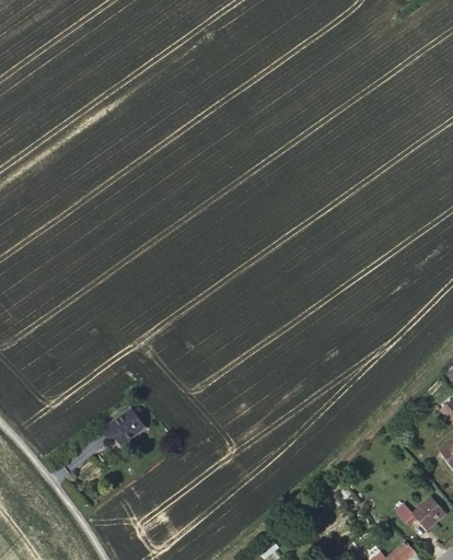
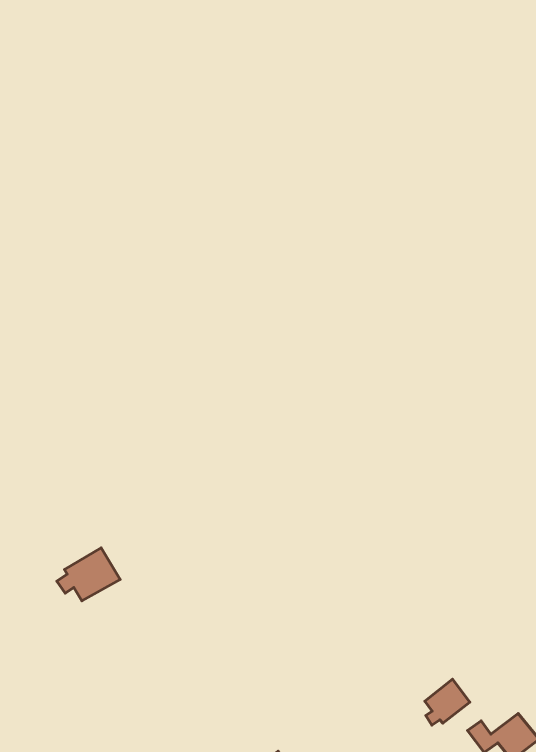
building: none -> [425,679,470,725]

